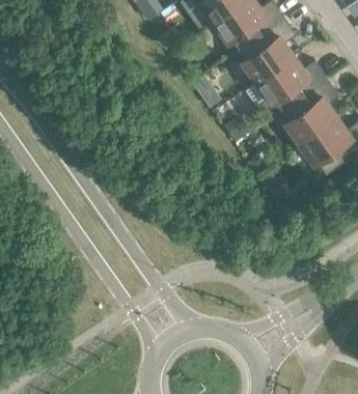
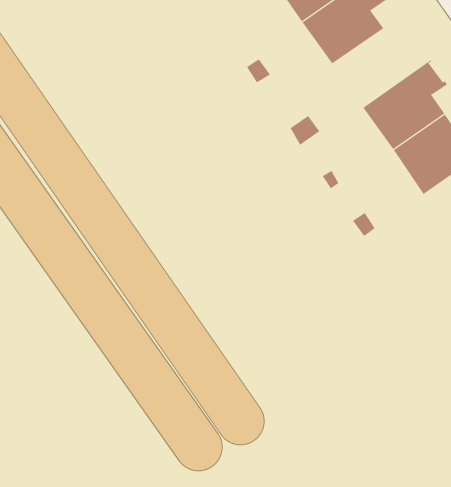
building: [254,55,325,112] -> none

